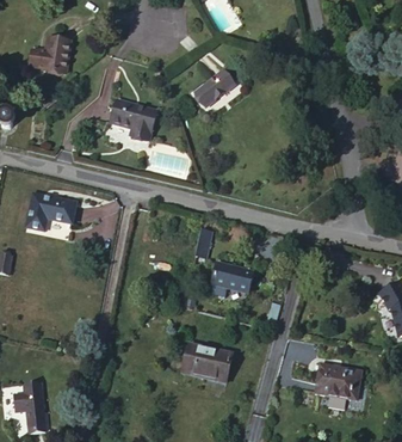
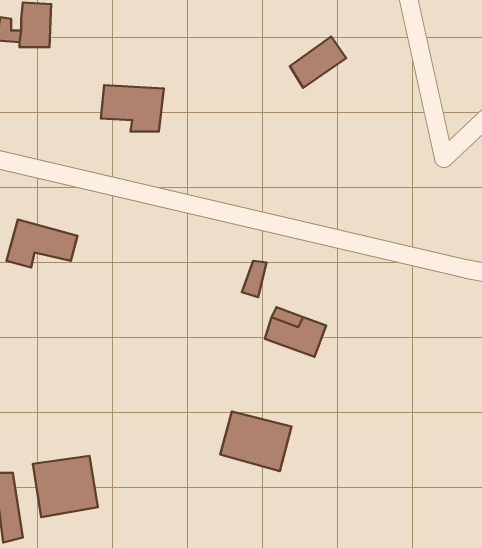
building: [188,67,229,104] -> [290,36,346,88]
building: [316,361,366,397] -> none
building: none -> [33,456,98,517]

